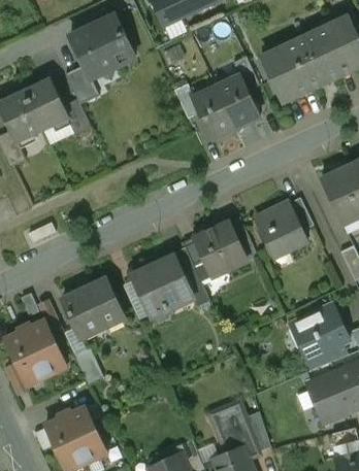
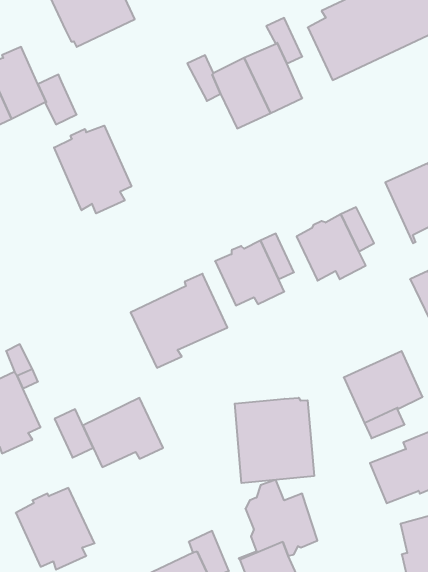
building: [64,65,98,103] -> none
building: none -> [54,126,131,213]
building: [62,279,122,331] -> [83,398,163,467]
building: none -> [235,398,314,483]

